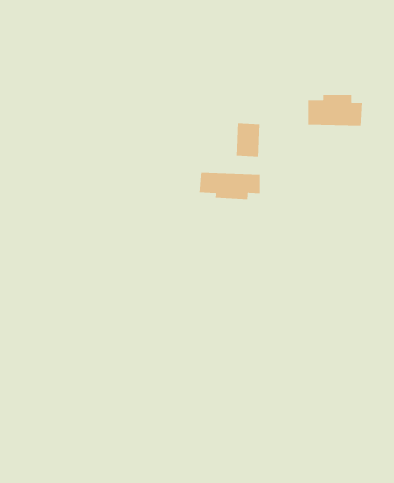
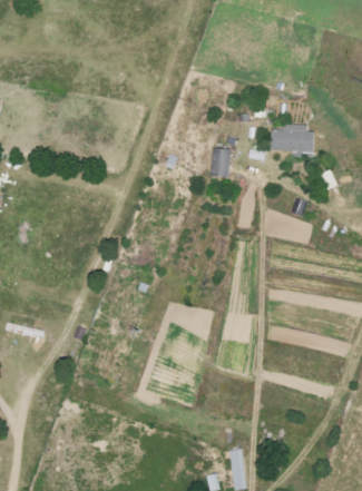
building: [199,172,261,200] -> none

